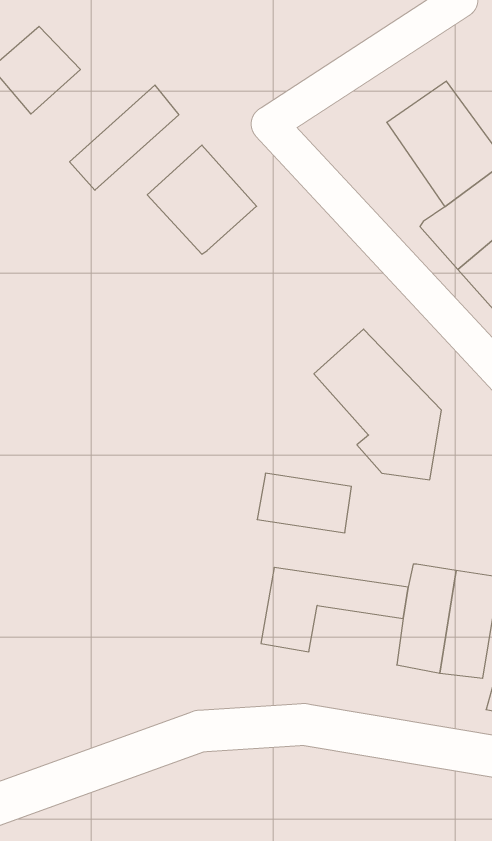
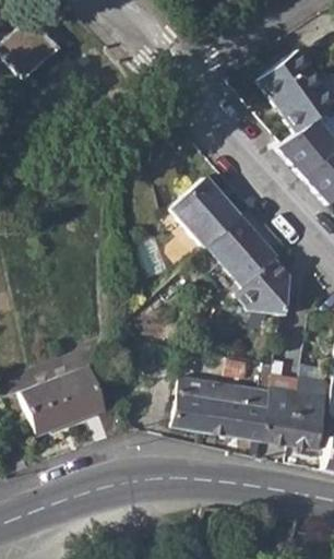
building: [70,85,179,190] -> none
building: [147,145,257,254] -> [170,178,242,250]
building: [257,473,351,533] -> [206,401,269,440]
building: none -> [23,366,104,433]

